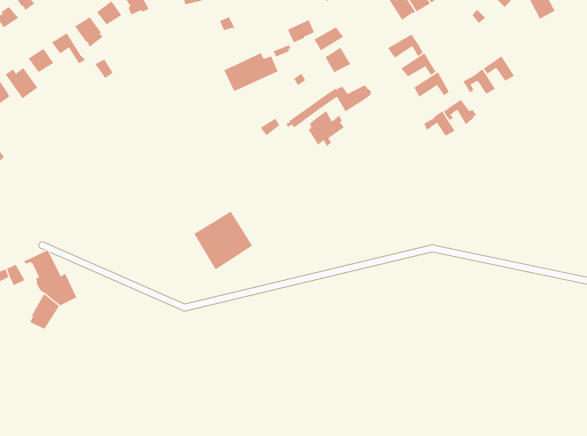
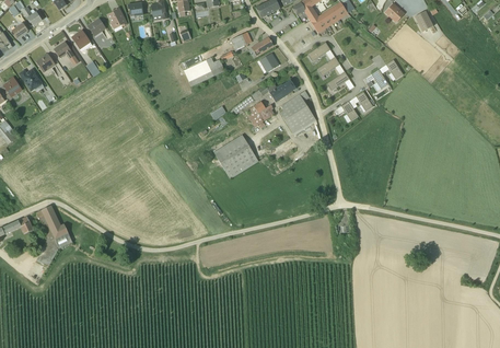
building: none -> [279,90,316,132]
building: [193,211,253,270] -> [213,134,258,178]

